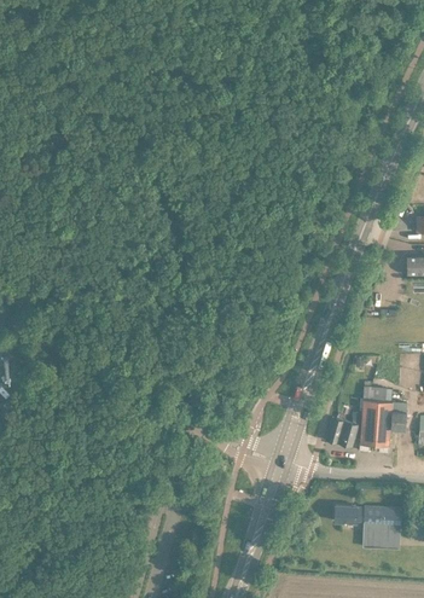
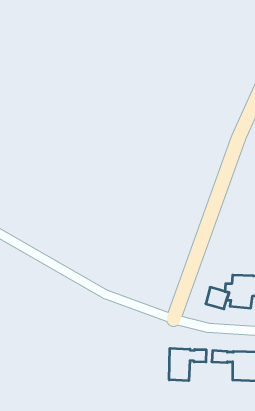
building: none -> [169,348,206,381]

